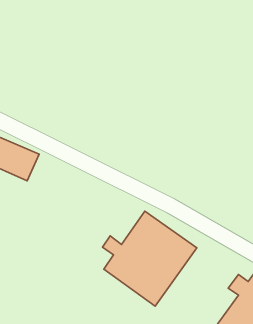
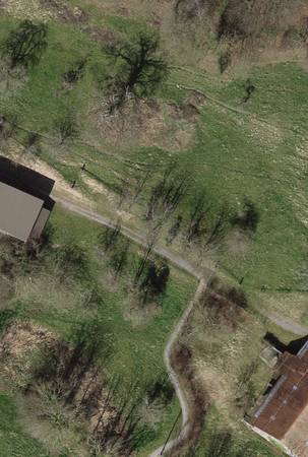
building: [103,211,197,306] -> none

